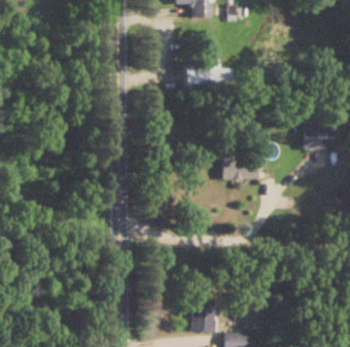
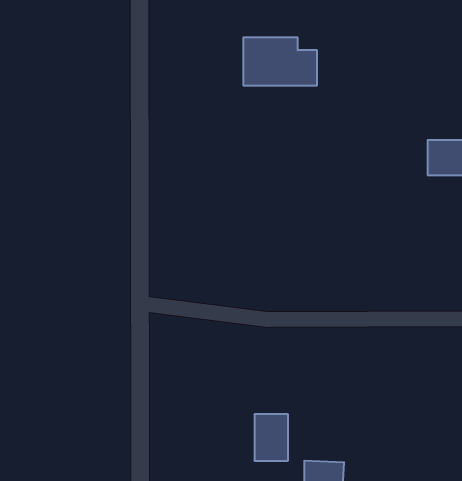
building: [221,159,258,181] -> none

